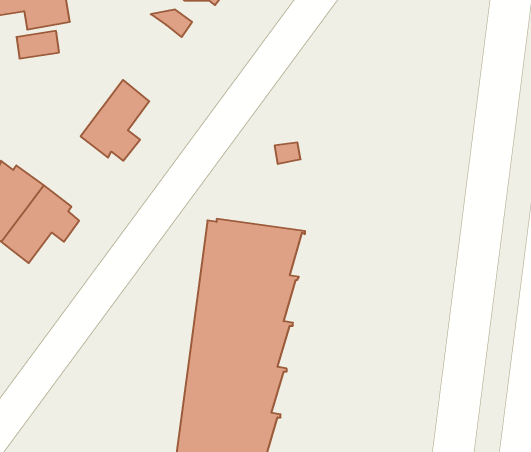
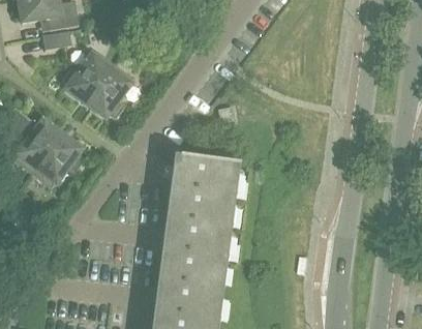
building: none -> [63,51,116,102]

